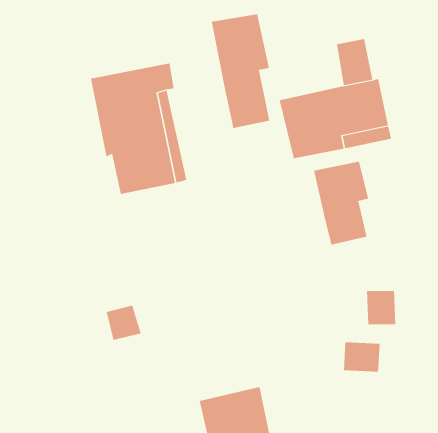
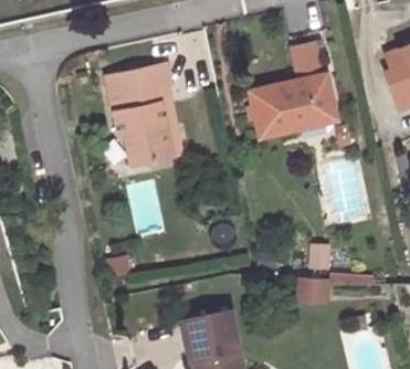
building: [211,13,270,129] -> none
building: [314,161,369,245] -> none

